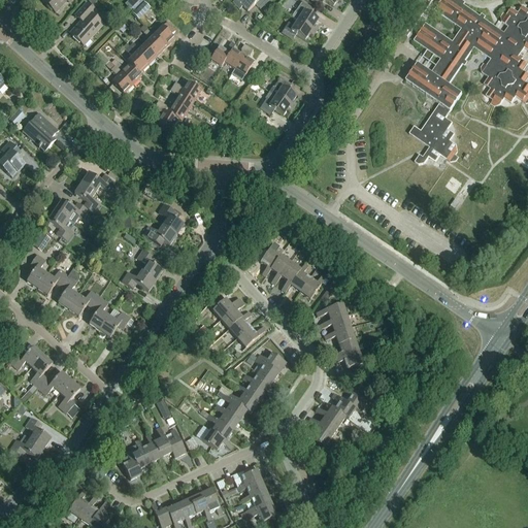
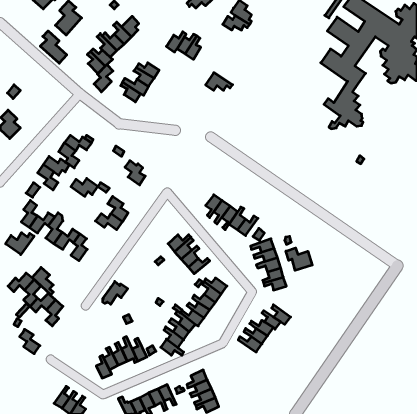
building: none -> [40,31,67,63]
building: [270,76,296,107] -> none
building: none -> [94,65,113,92]
building: [22,111,59,151] -> none
building: [142,224,176,246] -> [71,178,98,196]
building: none -> [6,233,34,255]
building: [100,308,132,337] -> [103,281,128,304]
building: none -> [286,248,312,270]
building: none -> [32,267,53,295]
building: [10,434,43,458] -> none

